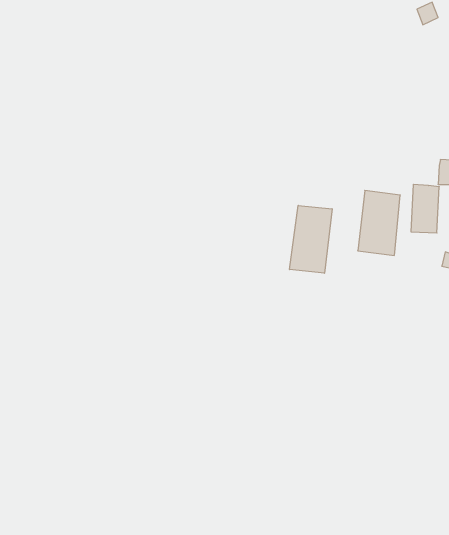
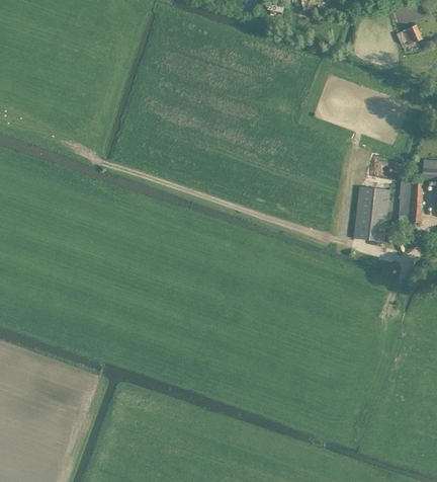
building: [290,205,332,273] -> none

